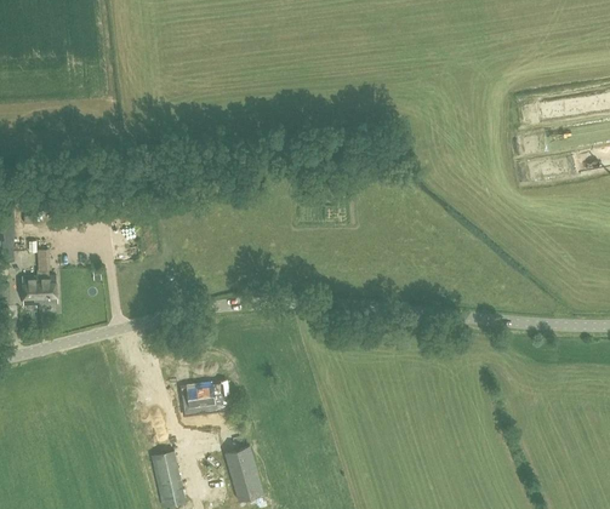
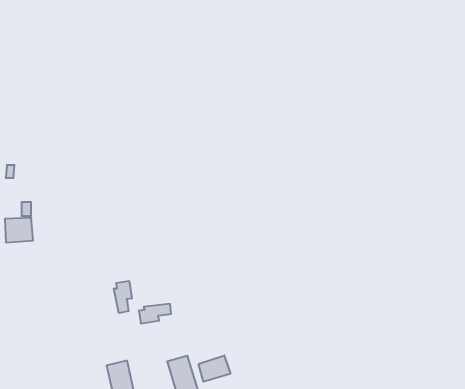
building: none -> [114,281,132,313]
building: none -> [199,355,230,382]

